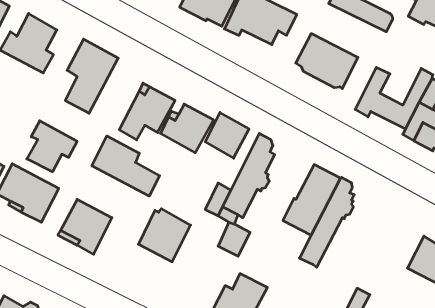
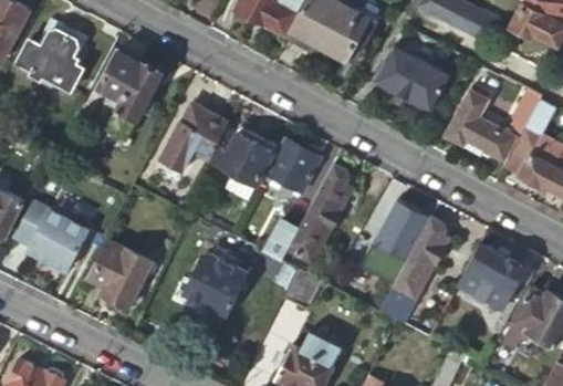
building: [27,121,77,172] -> none
building: [92,136,160,196] -> none
building: none -> [456,242,525,315]

